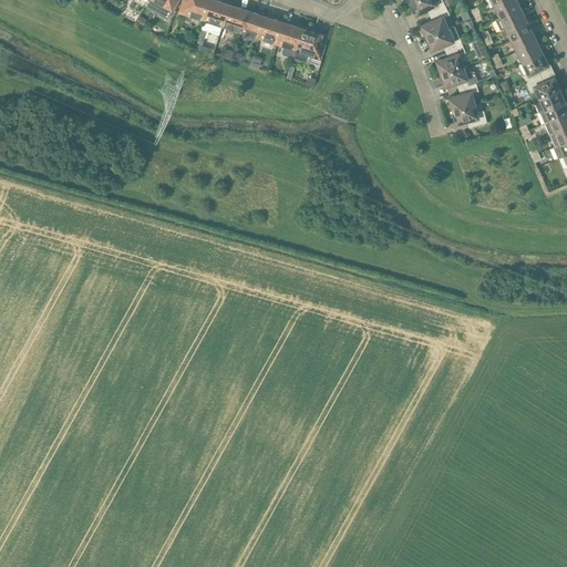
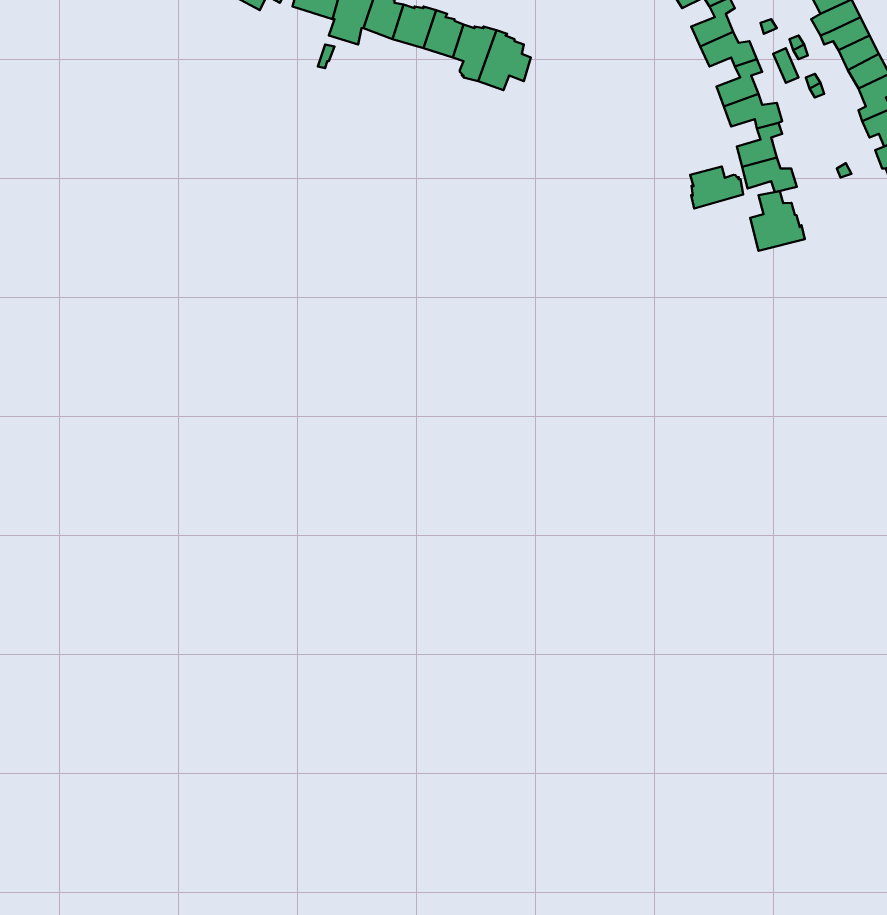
building: none -> [690,166,743,209]
building: none -> [750,191,805,251]

